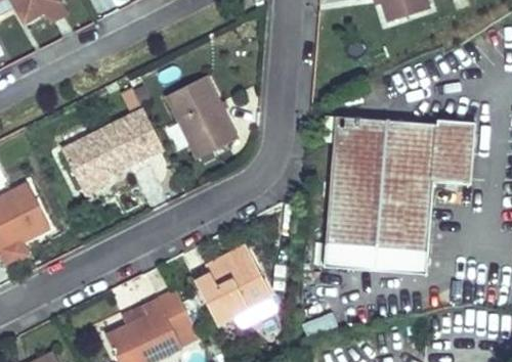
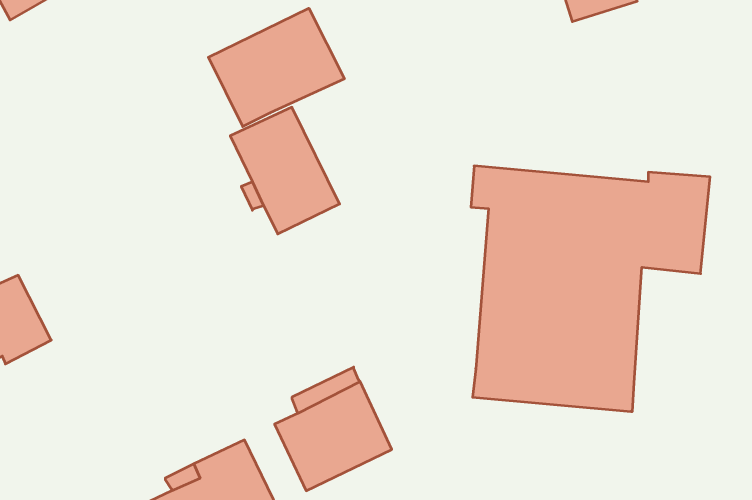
building: none -> [208,8,344,127]
building: [61,109,162,194] -> none

